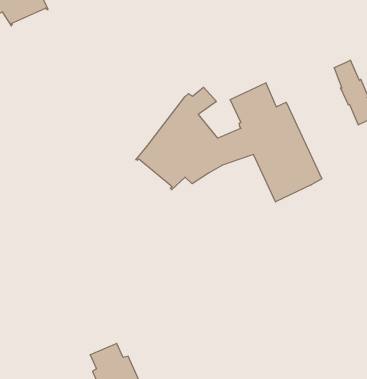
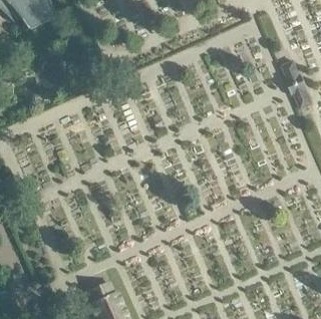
building: [136,83,322,202] -> none

